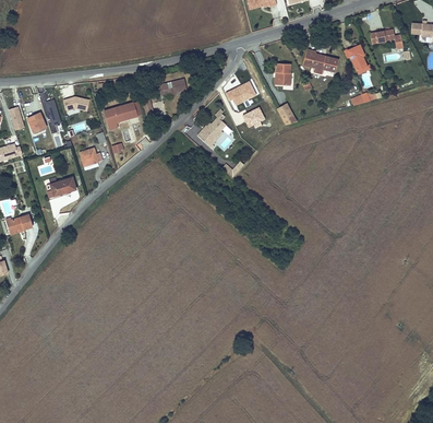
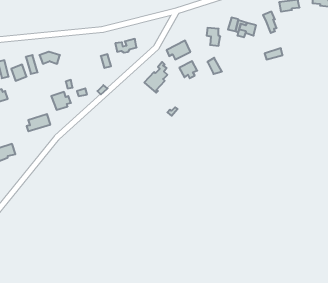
building: [103,101,141,129] -> none

